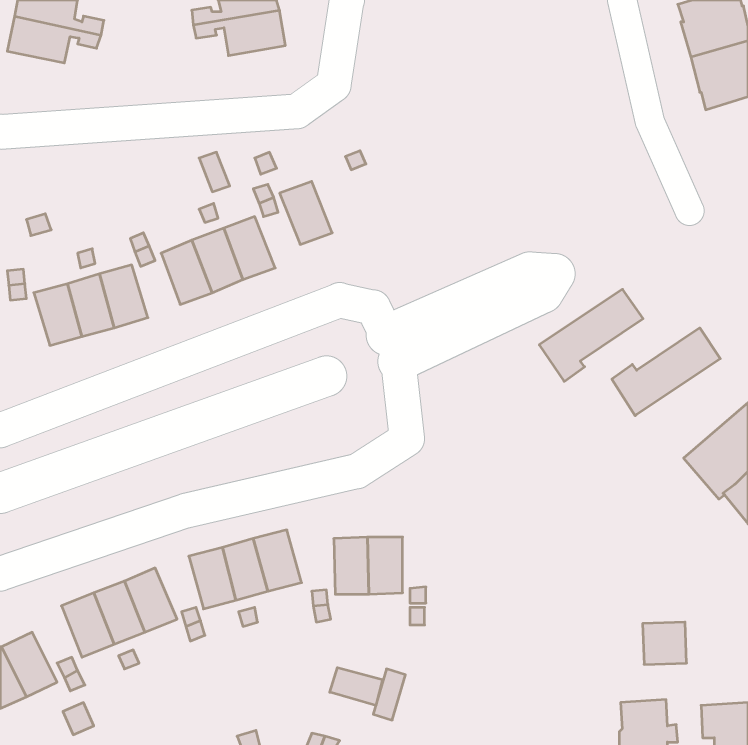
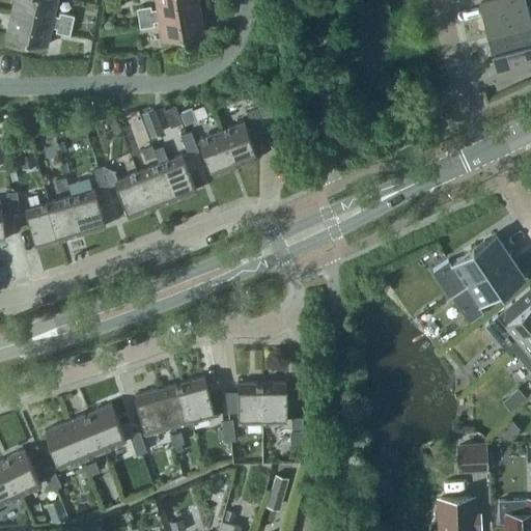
building: none -> [221,121,257,167]
building: [539,289,643,381] -> [451,256,525,322]
building: [330,668,383,706] -> none

